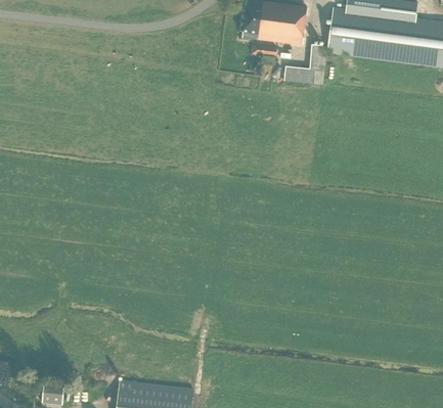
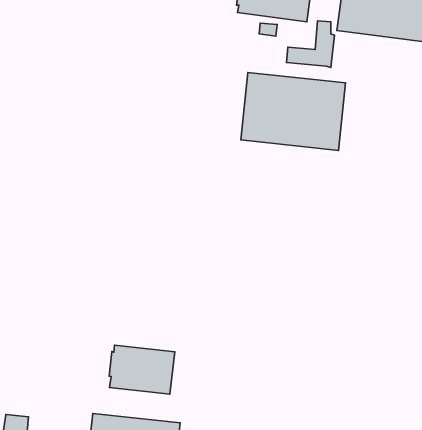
building: none -> [241,72,345,151]
building: none -> [109,345,175,394]

